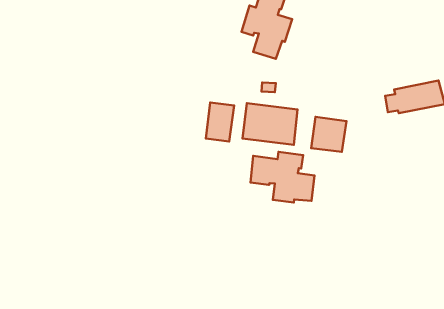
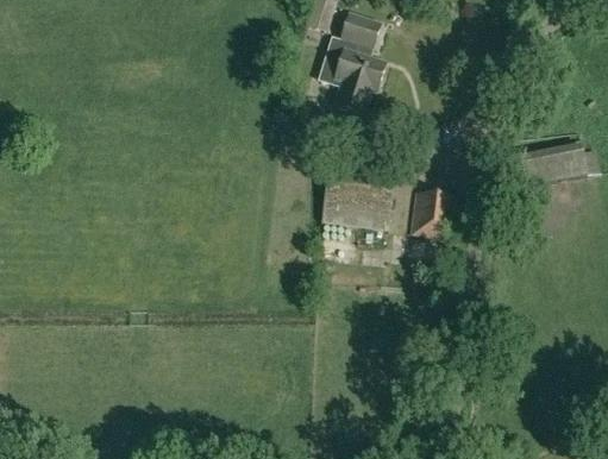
building: [206,103,234,141] -> none
building: [250,152,314,202] -> none

